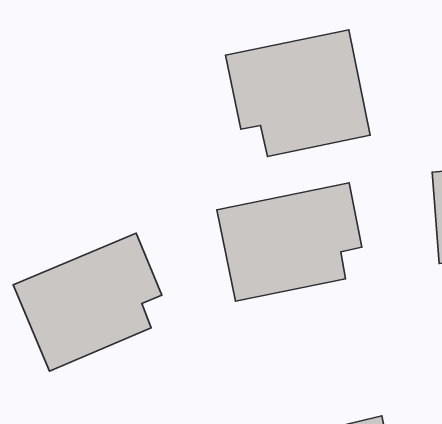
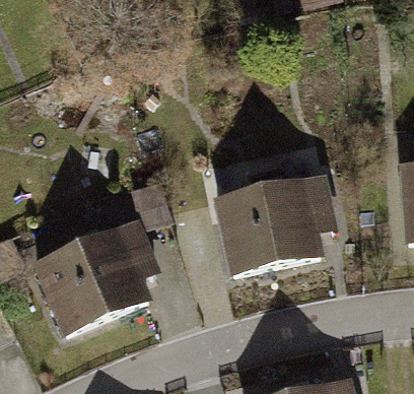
building: [225,30,370,156] -> none

